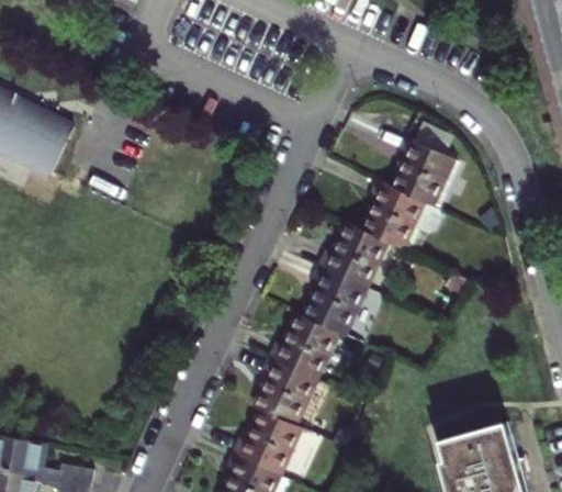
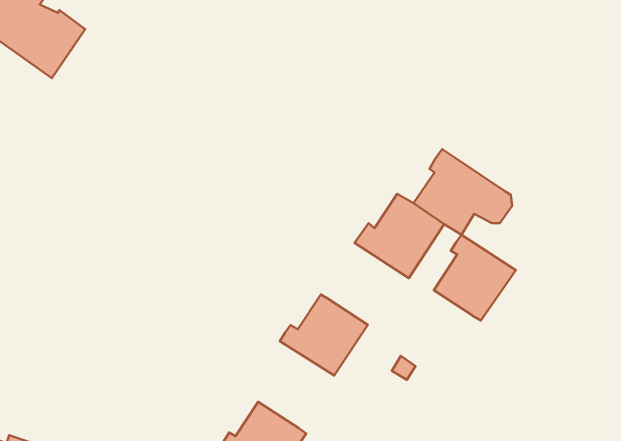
building: [391,136,454,208] -> none
building: [302,268,366,335] -> [434,235,516,321]
building: [254,357,317,425] -> none

